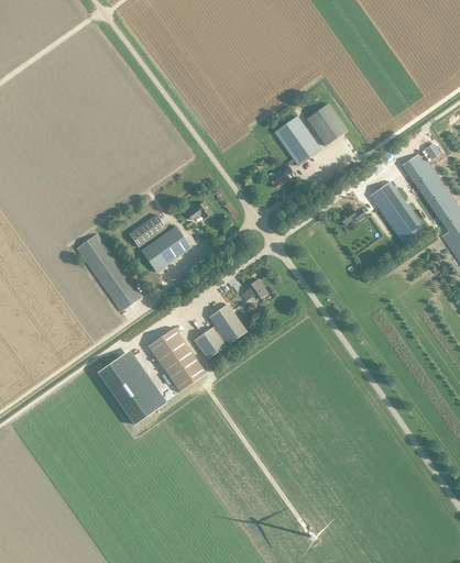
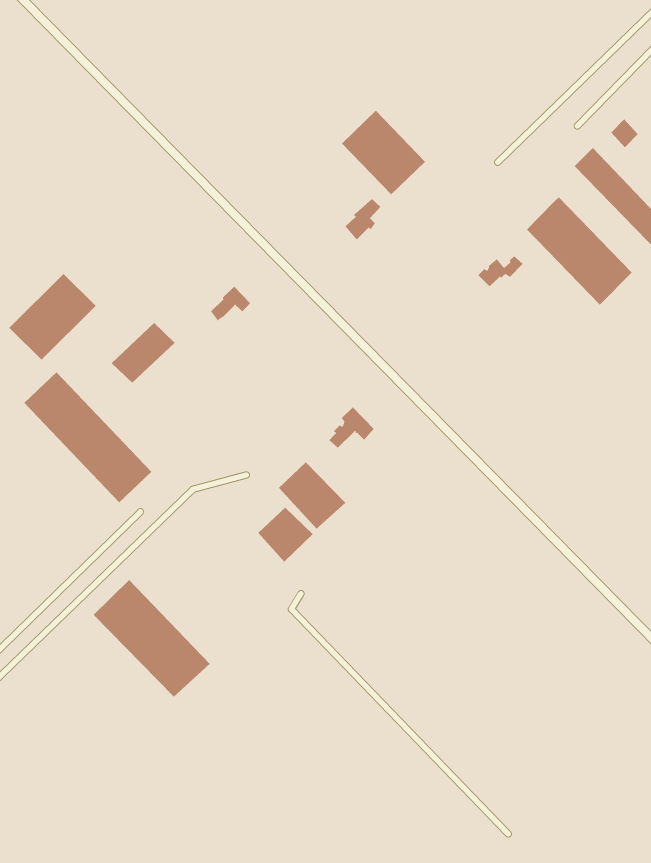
building: [307,103,348,145] -> none
building: [141,225,191,272] -> [8,273,97,360]
building: [147,328,207,391] -> none

